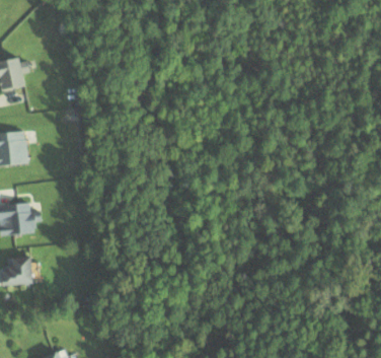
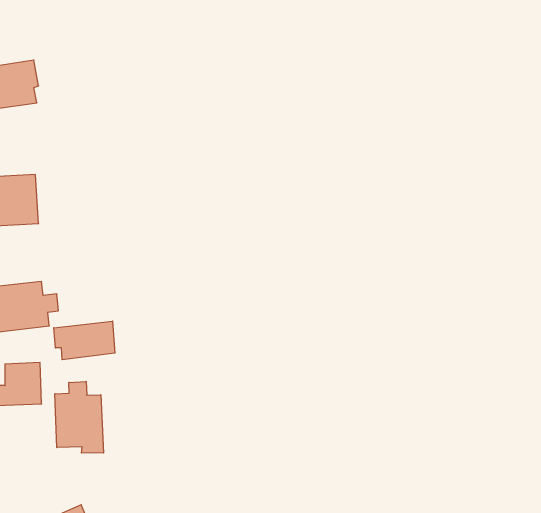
building: none -> [54,321,115,360]
building: none -> [55,381,103,453]

